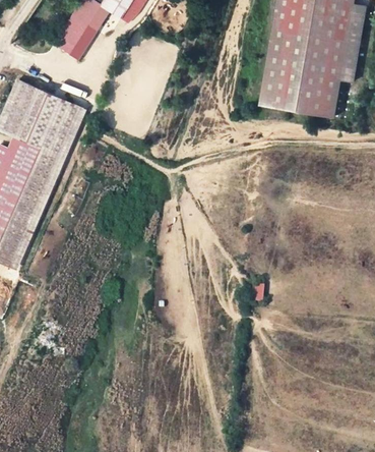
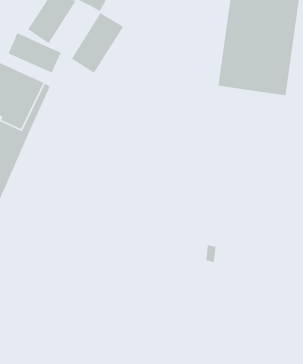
building: none -> [71,12,124,74]
building: none -> [7,32,62,74]

